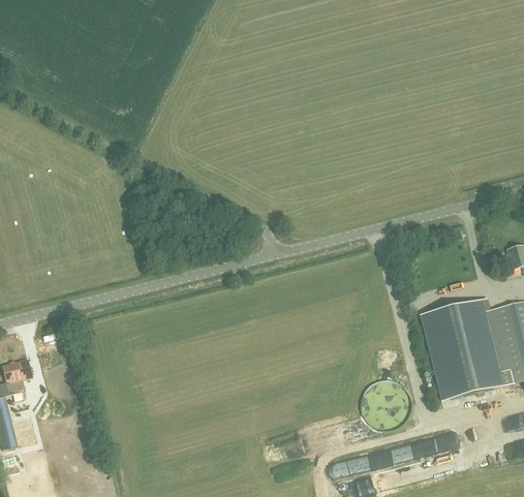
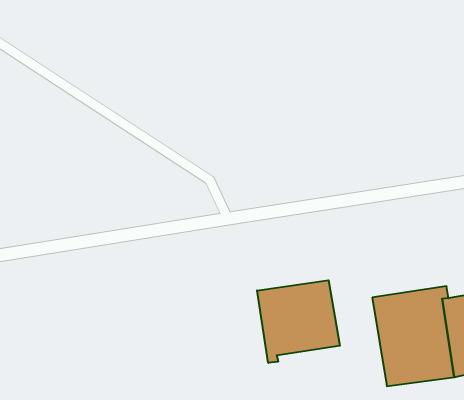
building: none -> [257,280,340,363]

